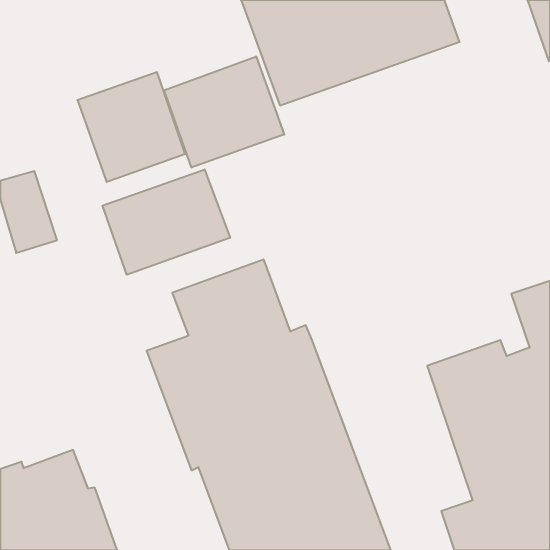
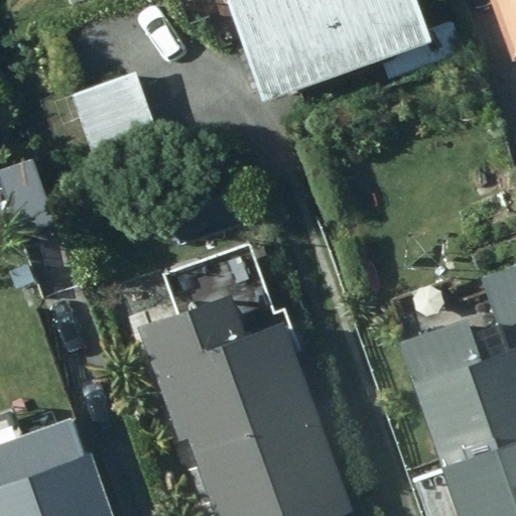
building: [164,56,284,168] -> none
building: [102,169,230,275] -> none

